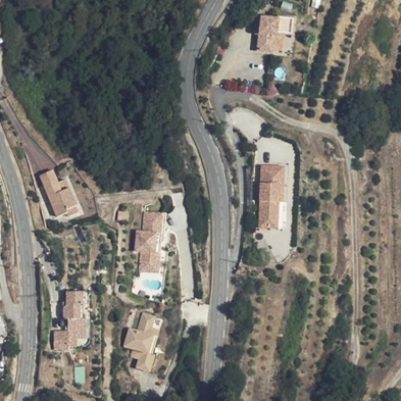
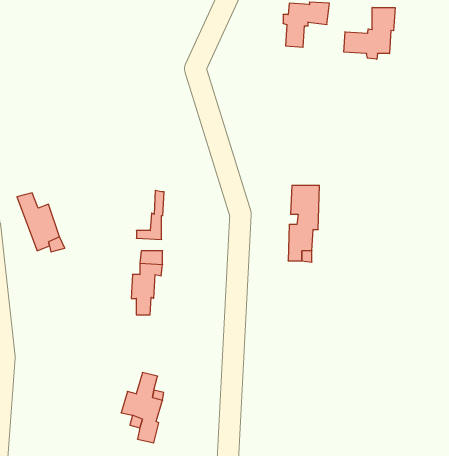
building: none -> [344,7,395,59]
building: [135,236,157,275] -> [136,190,164,239]
building: [51,287,89,349] -> none

